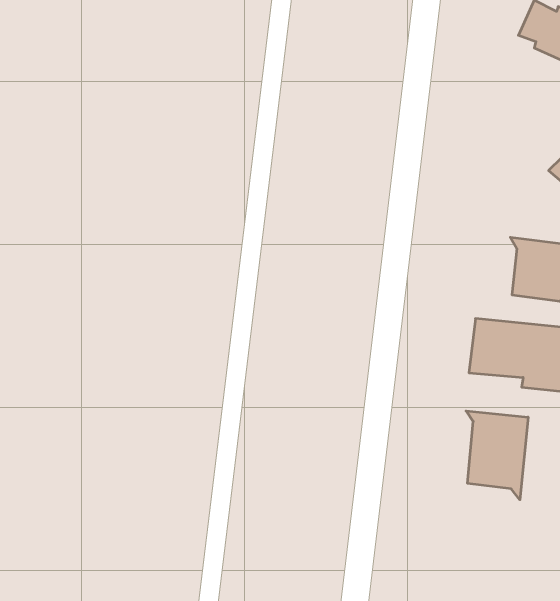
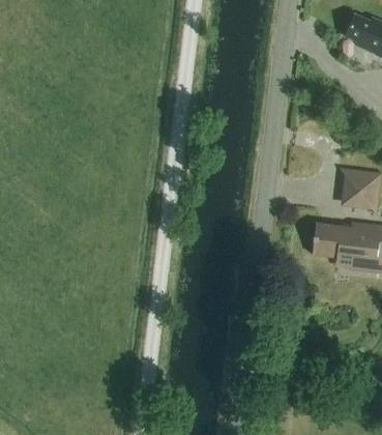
building: [466,411,528,500] -> none

